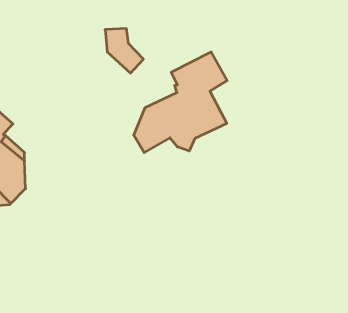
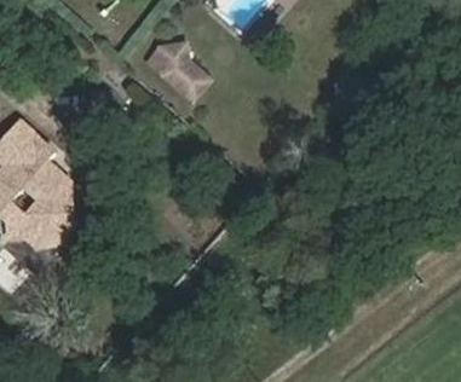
building: [134,52,227,153] -> none

